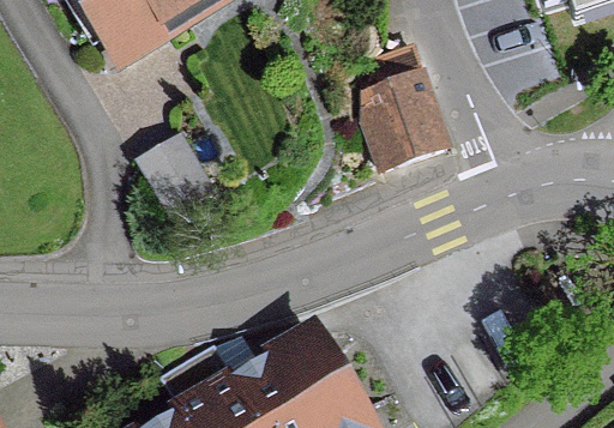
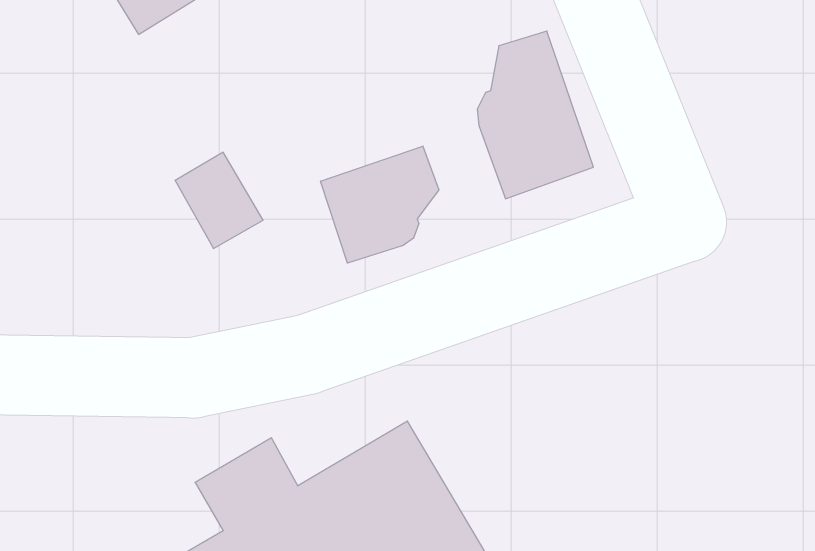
building: none -> [321,146,439,263]

